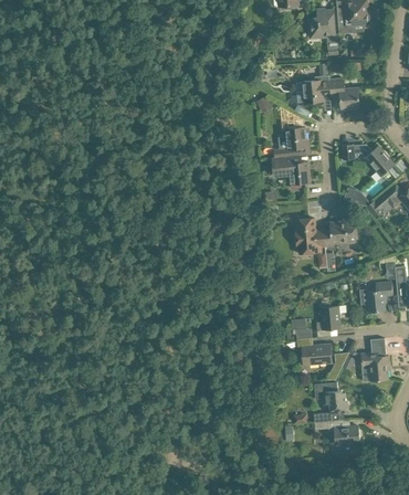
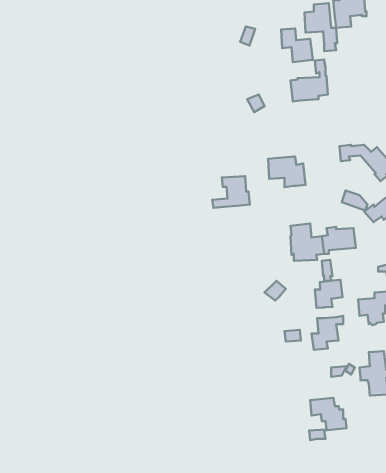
building: [329,77,359,109] -> [281,28,313,62]
building: [273,127,308,157] -> [212,176,250,208]
building: none -> [315,280,343,308]
building: [296,337,331,365] -> none
building: [324,419,359,445] -> none

